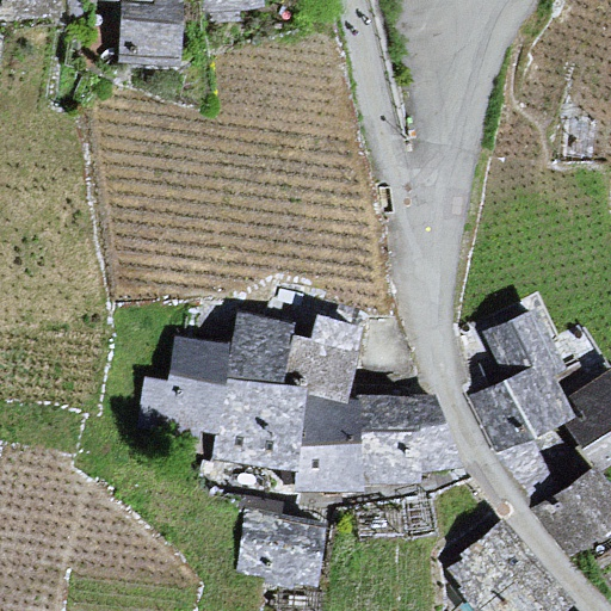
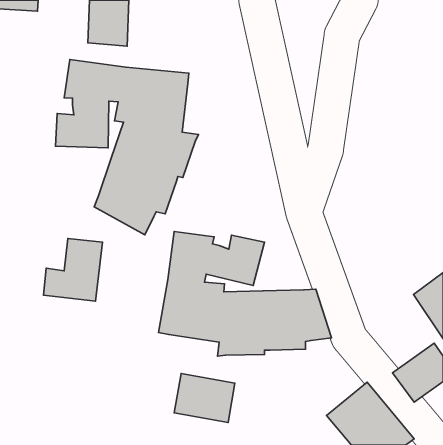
building: none -> [56,59,198,235]
building: [471,311,560,489] -> none
building: [143,340,224,426] -> [43,239,103,301]

